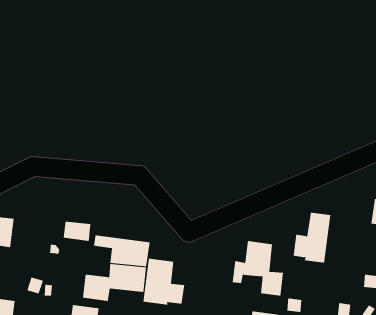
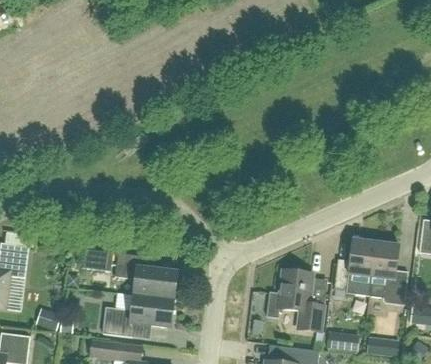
building: none -> [369,242,408,305]
building: [143,258,185,305] -> none

